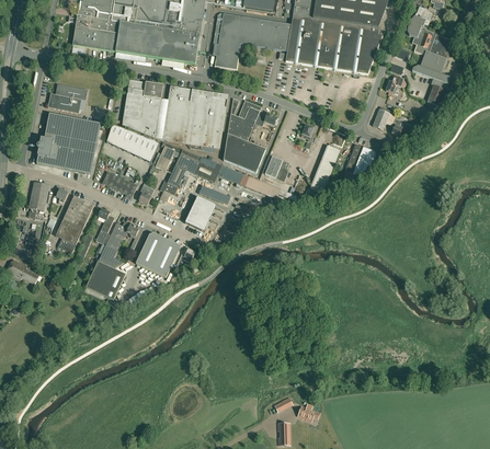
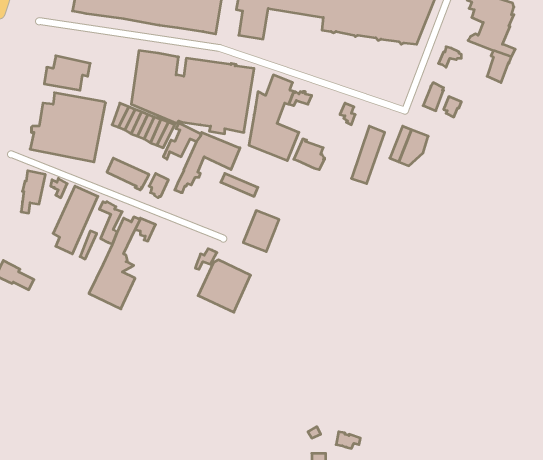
building: [186,194,217,229] -> [243,211,279,252]
building: [136,231,181,276] -> [198,260,251,312]

